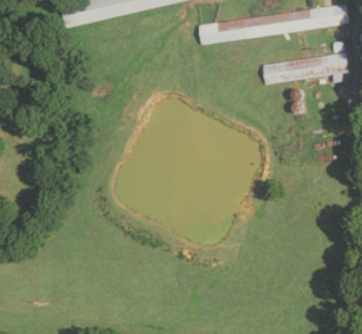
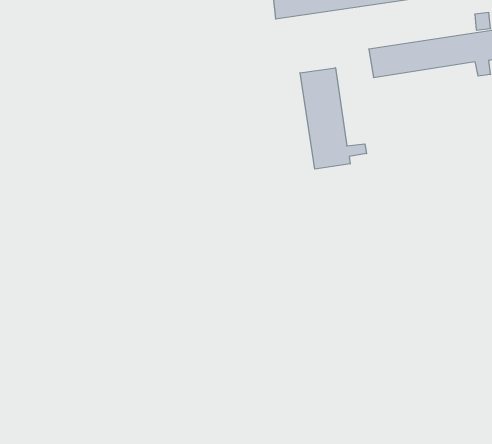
building: none -> [300,68,367,169]

